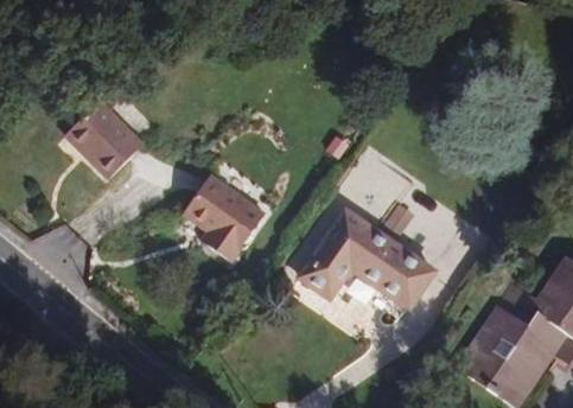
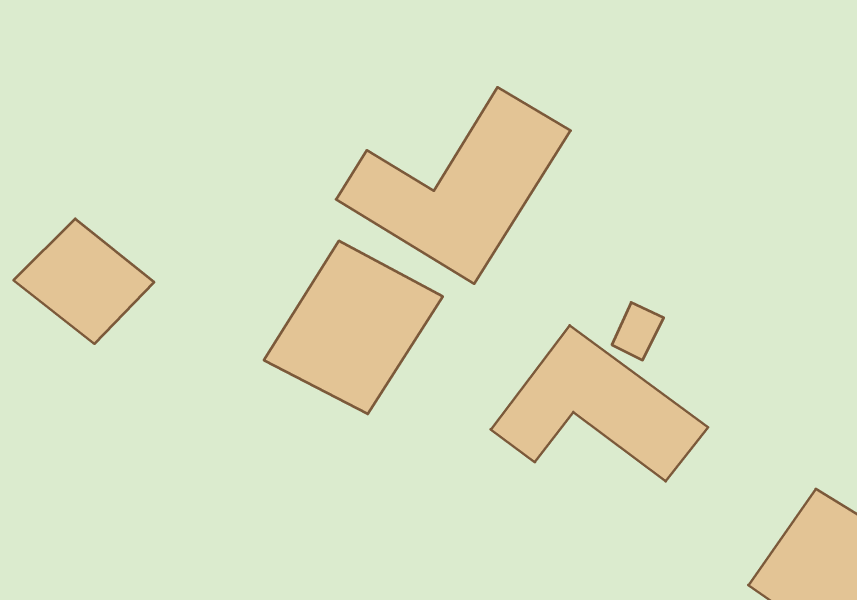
building: none -> [336,87,571,284]
building: [55,96,141,173] -> [14,219,154,344]

